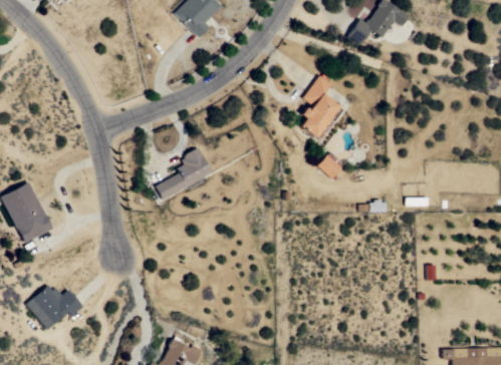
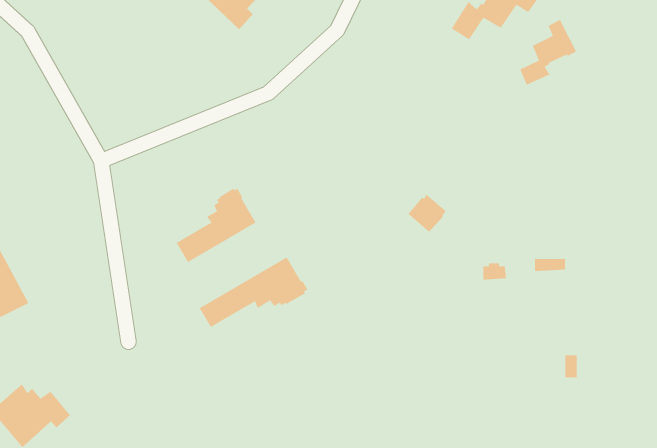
building: none -> [519,19,577,85]
building: [300,74,342,139] -> none
building: none -> [199,256,308,328]

